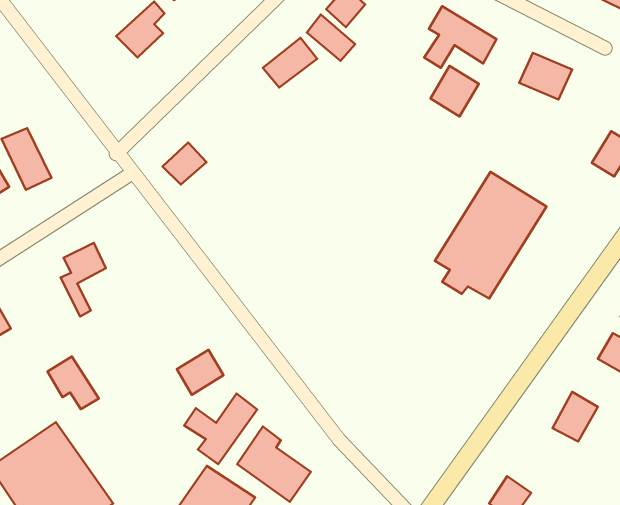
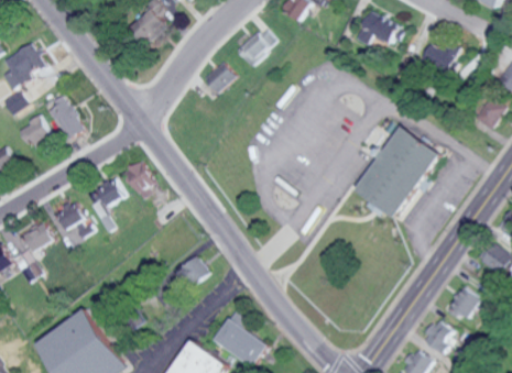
building: [307,15,355,61] -> none
building: [430,66,479,116] -> none
building: [163,142,206,185] -> [201,63,233,94]
building: none -> [120,160,151,199]
building: [48,356,99,409] -> [53,200,90,239]
building: [184,394,257,464] -> none
building: none -> [421,319,456,354]

